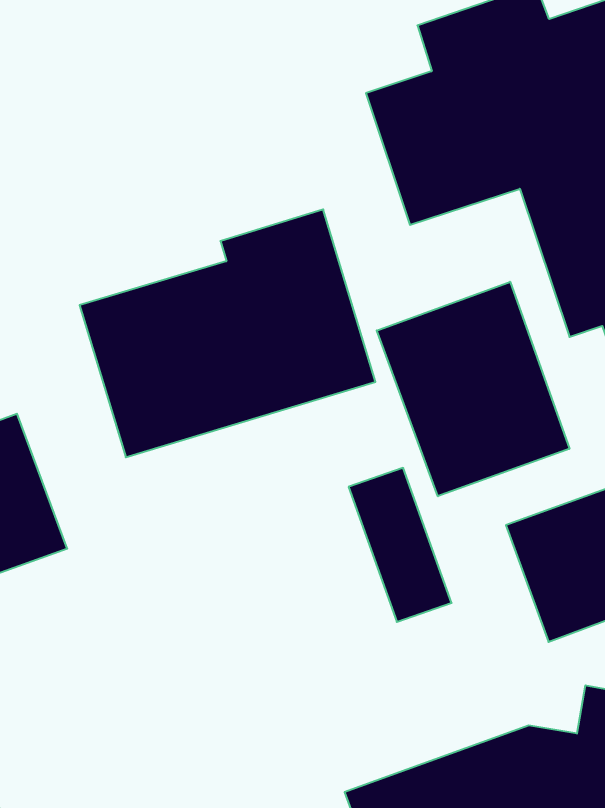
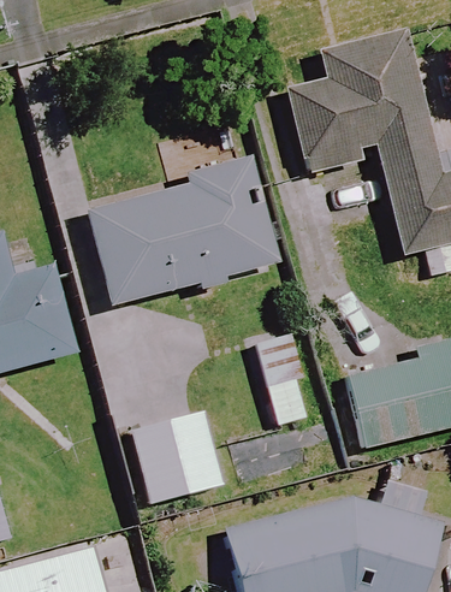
building: [377,282,569,496] -> none
building: none -> [132,410,224,504]

